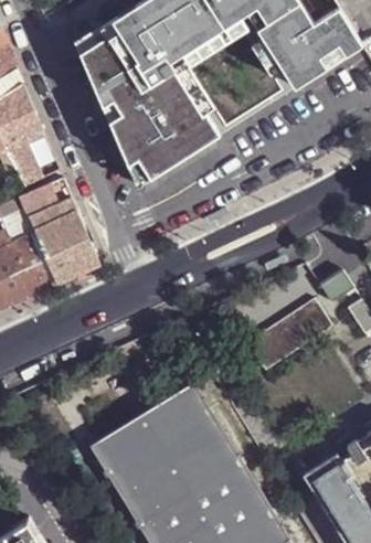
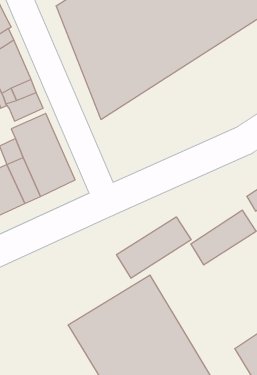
building: none -> [117,217,191,278]

